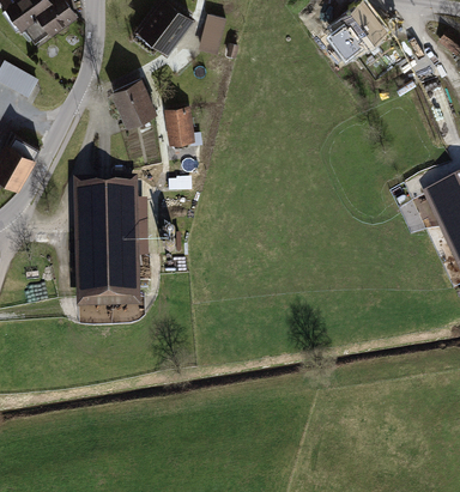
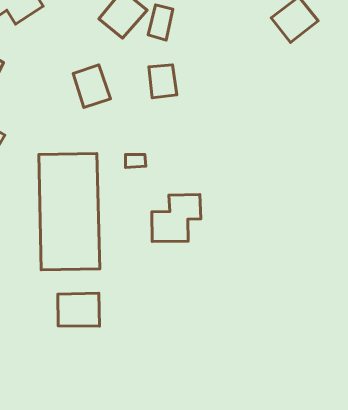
building: [163,107,194,144] -> [149,65,177,98]
building: none -> [152,195,201,241]
building: none -> [58,293,99,326]

